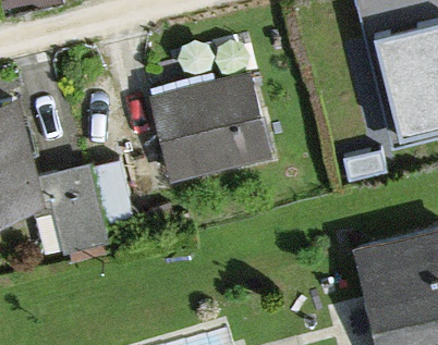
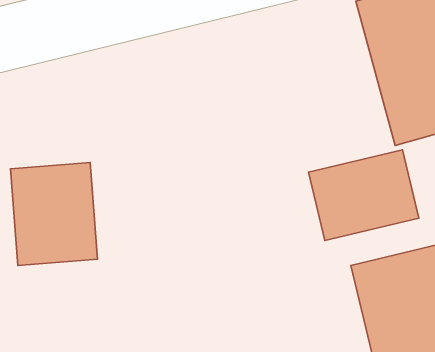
building: [158,86,267,177] -> none
building: none -> [309,150,419,241]

